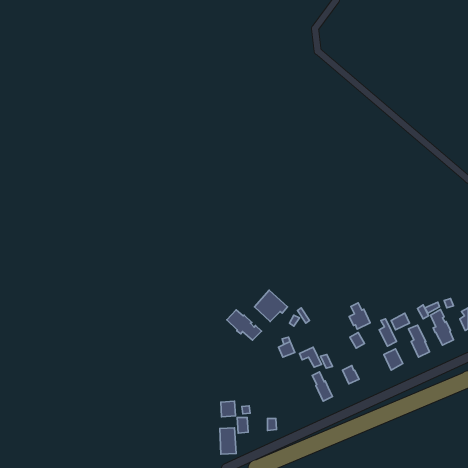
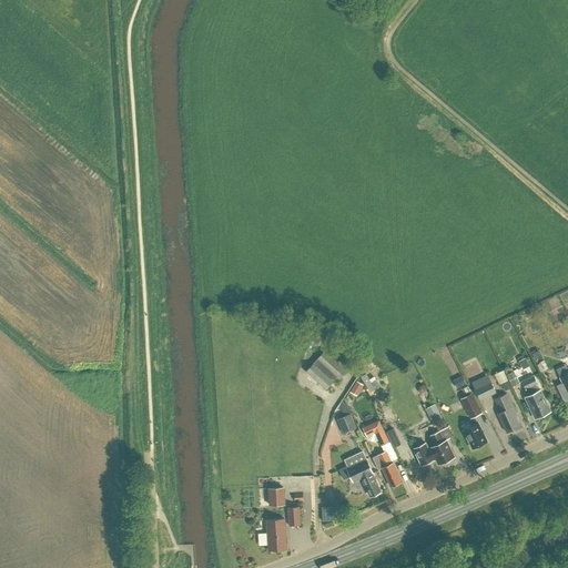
building: [349,303,370,329] -> [429,432,455,464]
building: [227,310,262,340] -> none
building: none -> [341,462,381,496]

